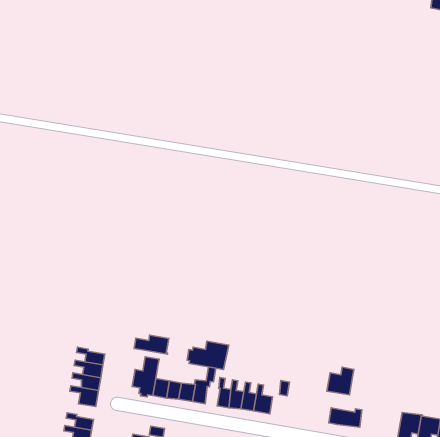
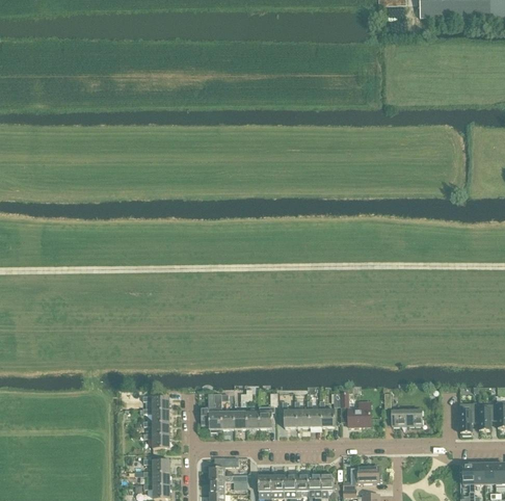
building: [134,335,169,354] -> none
building: [187,341,229,369] -> none
building: [327,367,354,395] -> [348,400,370,425]

